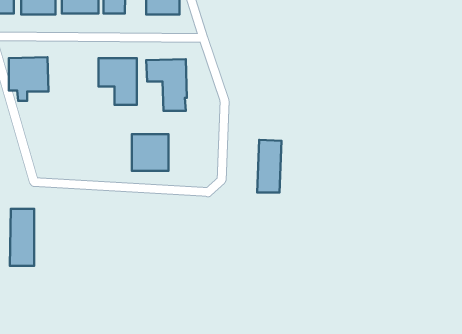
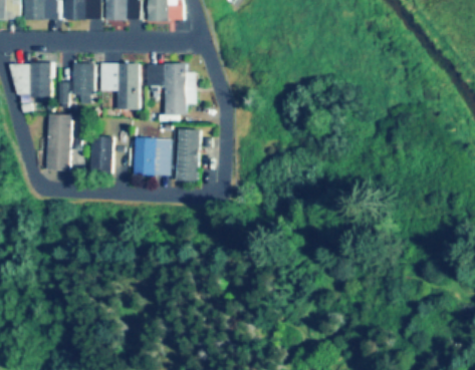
building: none -> [60,63,95,102]
building: none -> [92,135,113,173]
building: [257,140,282,193] -> [177,129,201,181]
building: [10,209,34,266] -> [47,114,71,170]

